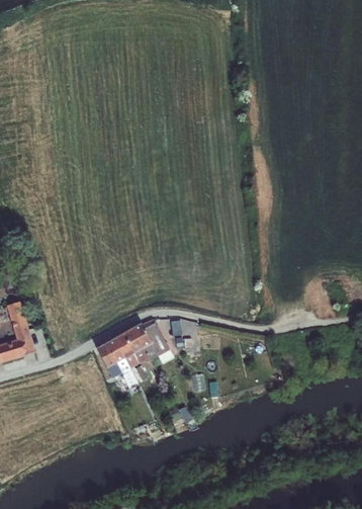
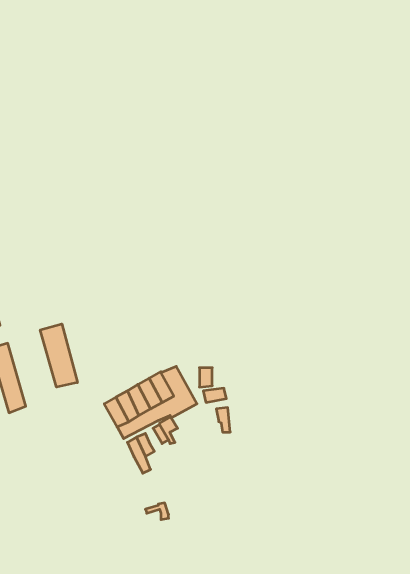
building: none -> [40,324,77,387]

